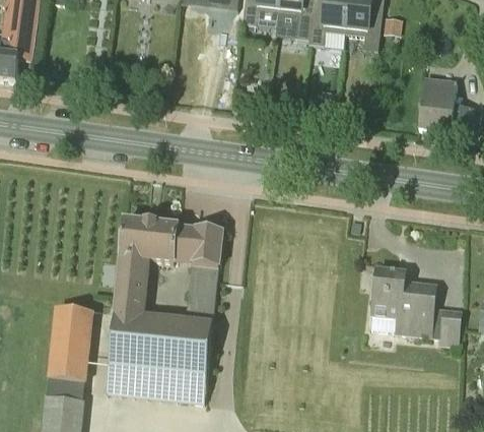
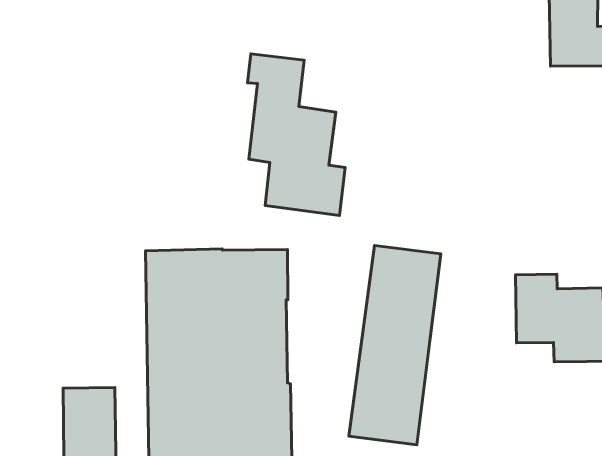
building: none -> [248,54,345,215]
building: none -> [349,246,441,445]

